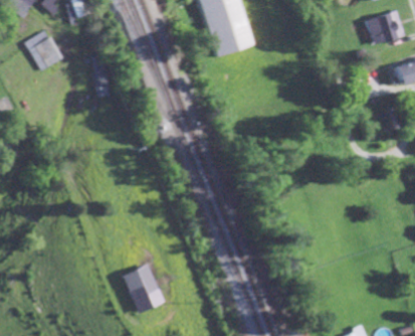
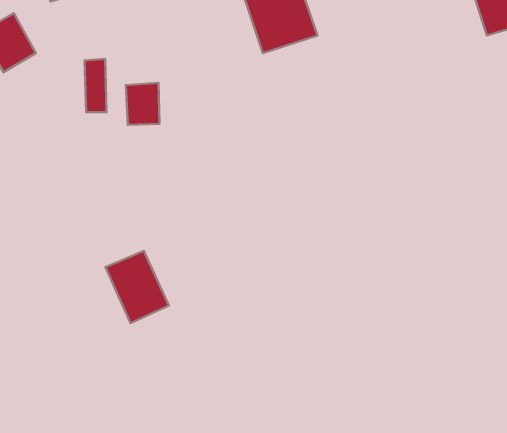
building: none -> [126,83,160,125]
building: [122,263,165,312] -> [105,251,169,323]

